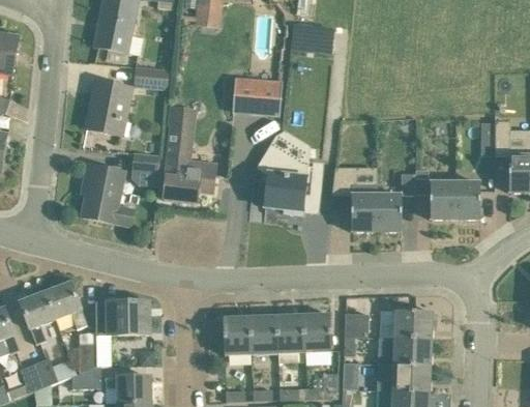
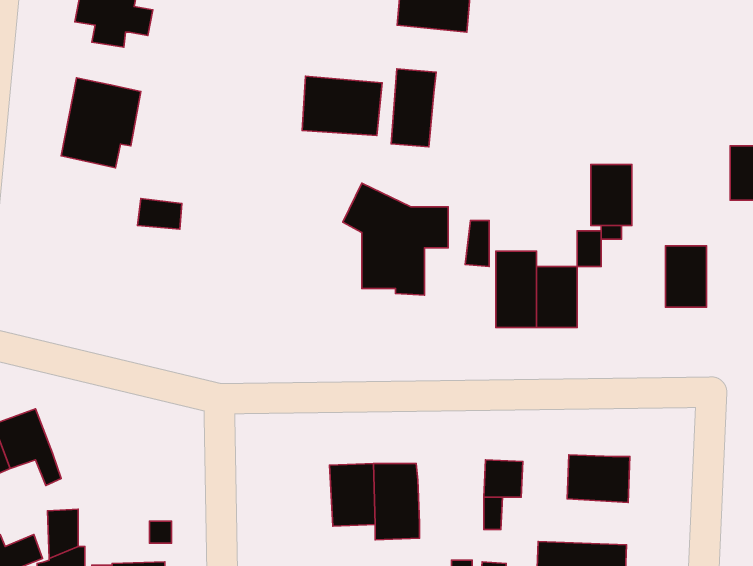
building: [134,67,168,91] -> none
building: none -> [391,69,436,147]
building: [163,107,216,202] -> none
building: [81,164,134,226] -> none
building: [430,182,454,220] -> [591,164,632,226]
building: [95,300,149,335] -> none
building: [302,314,331,351] -> none
building: [223,316,252,354] -> none
building: [377,337,432,365] -> none

